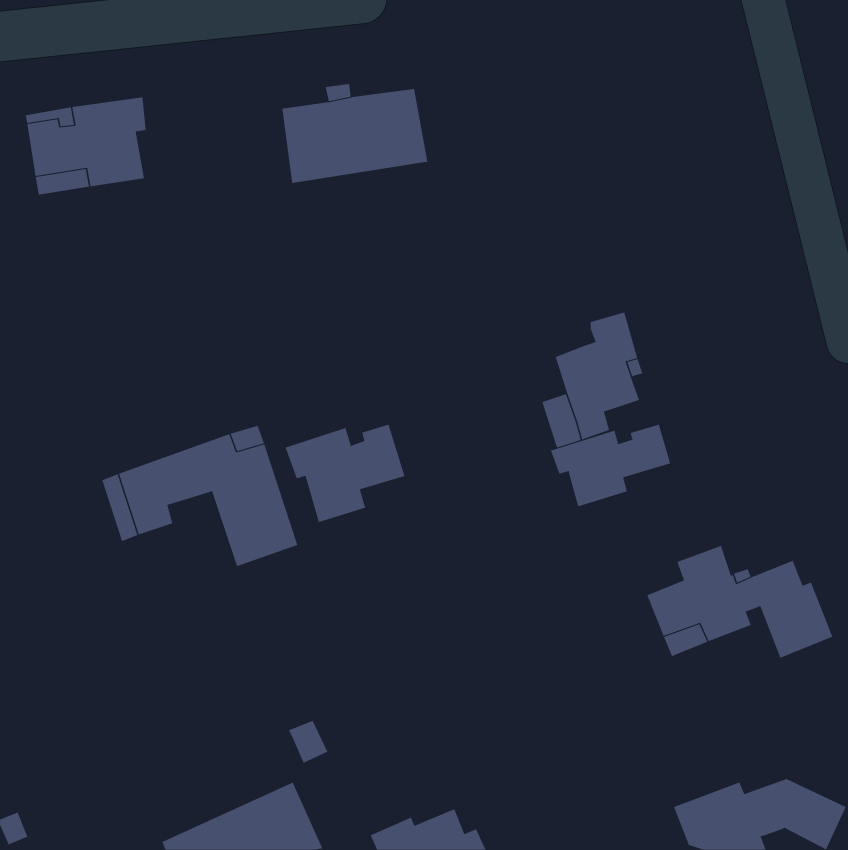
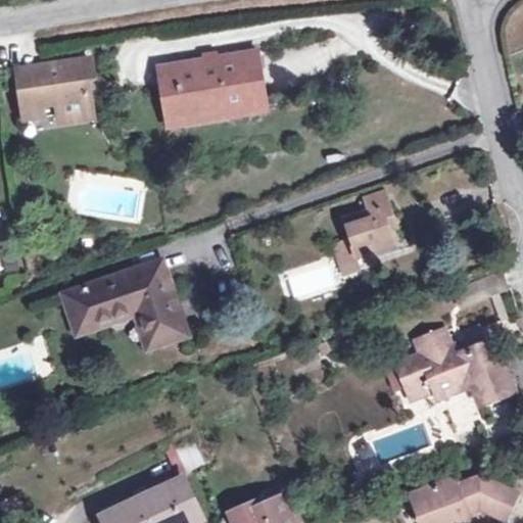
building: none -> [157,66,265,127]
building: [550,424,671,507] -> none
building: [285,424,405,523] -> none

